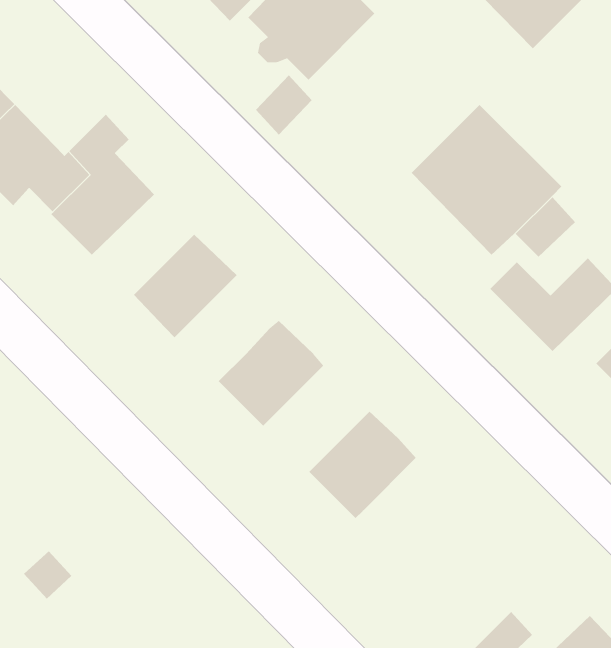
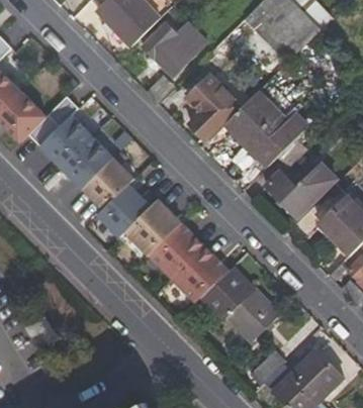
building: none -> [185,72,242,139]
building: none -> [61,135,113,187]
building: none -> [98,182,152,236]
building: none -> [149,223,203,278]
building: none -> [200,267,280,340]

